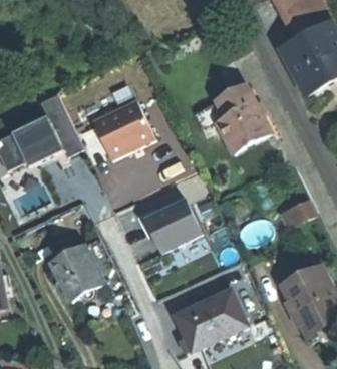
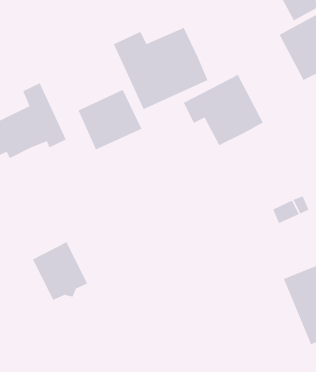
building: none -> [113,27,208,110]
building: [145,200,199,248] -> none
building: [171,299,243,358] -> none

